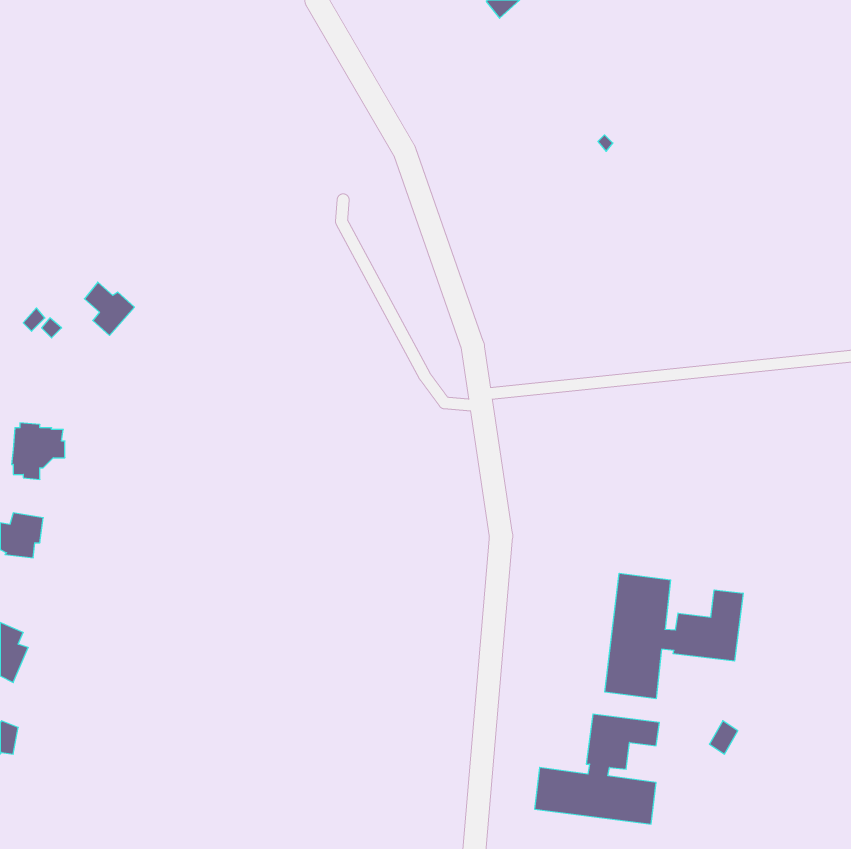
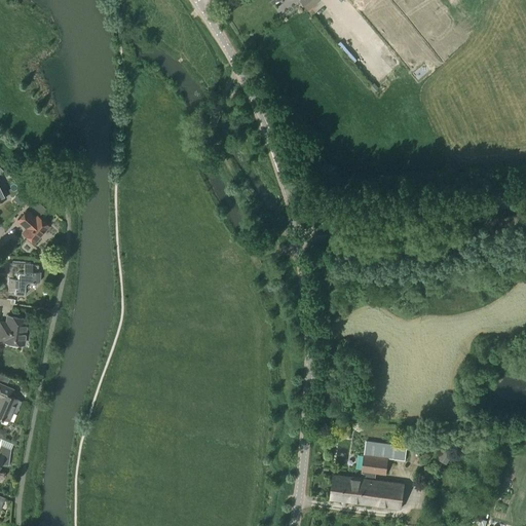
building: [84,282,134,335] -> [17,212,48,245]
building: [605,573,743,699] -> none

